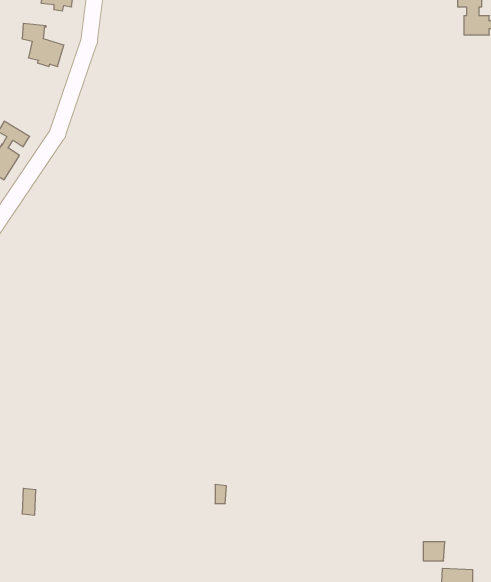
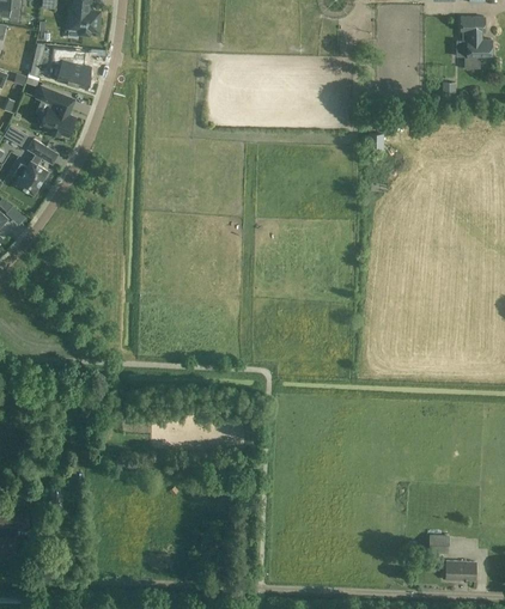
building: none -> [36,85,75,135]

